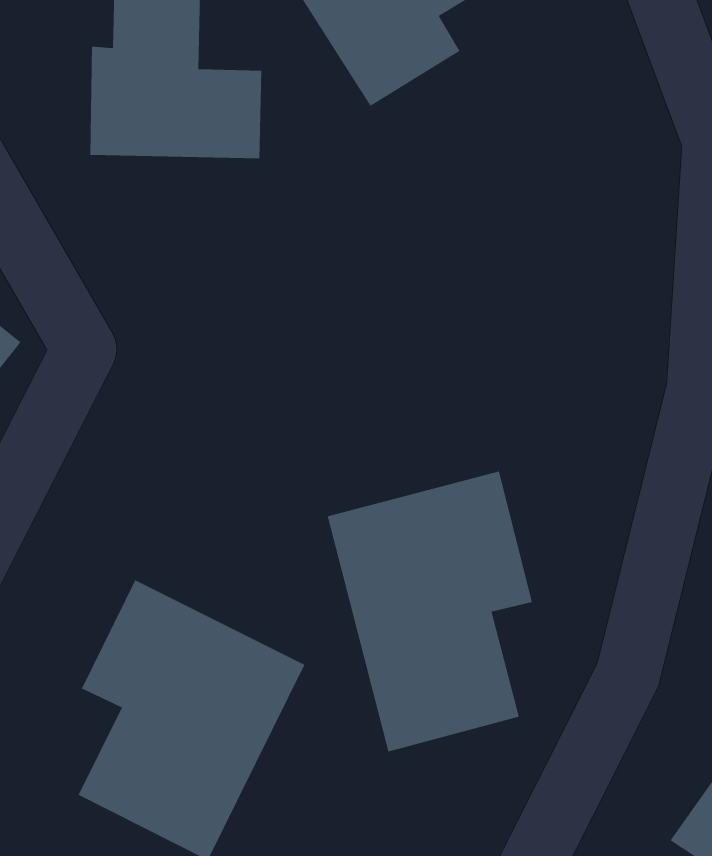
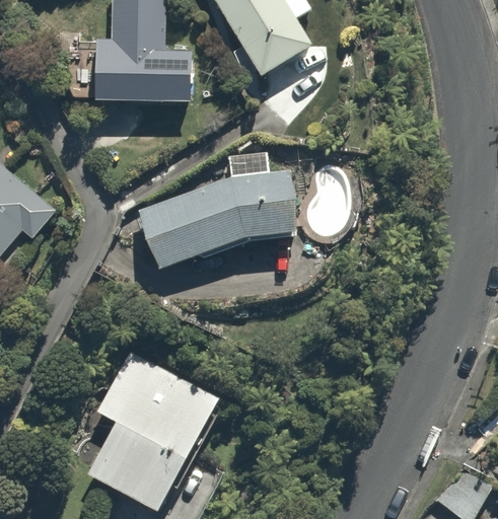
building: none -> [137,147,302,270]
building: [327,471,533,753] -> none

